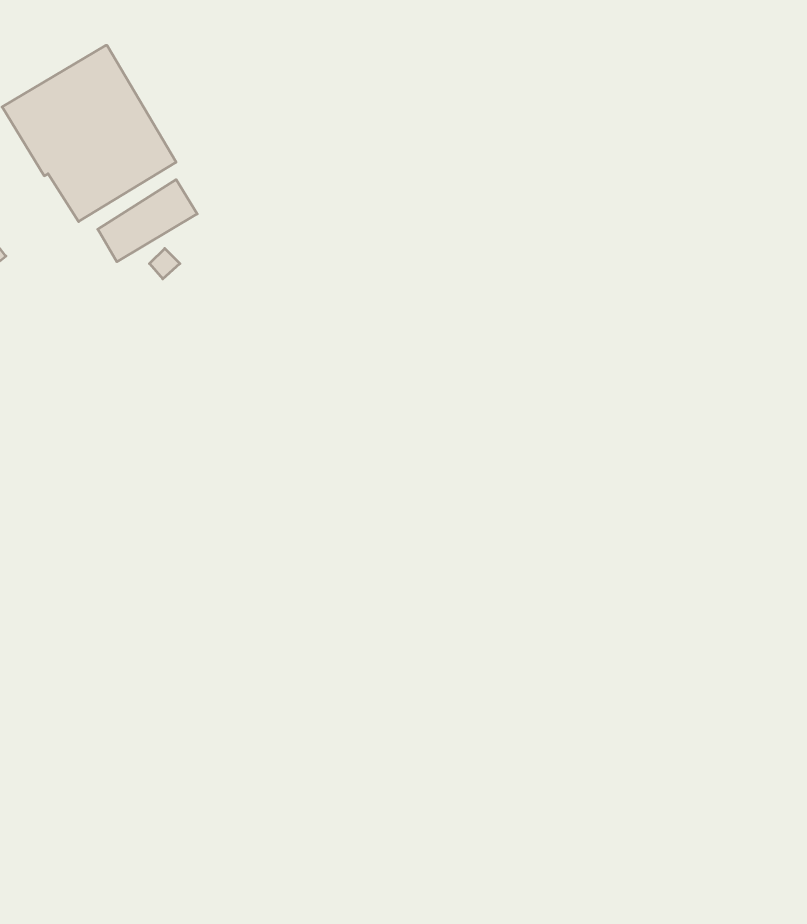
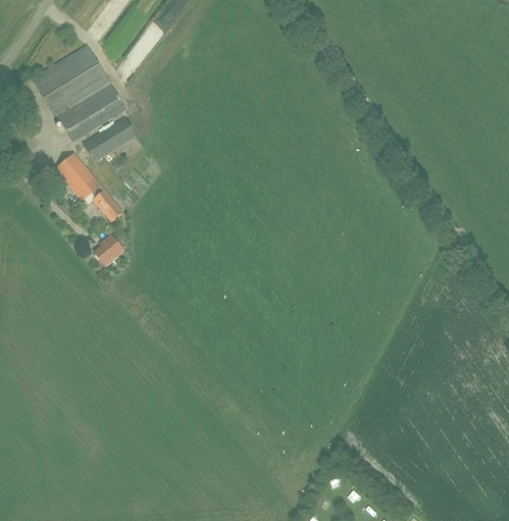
building: none -> [55,153,121,220]
building: none -> [94,235,122,265]

